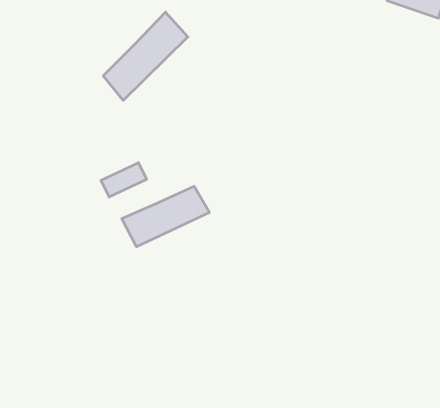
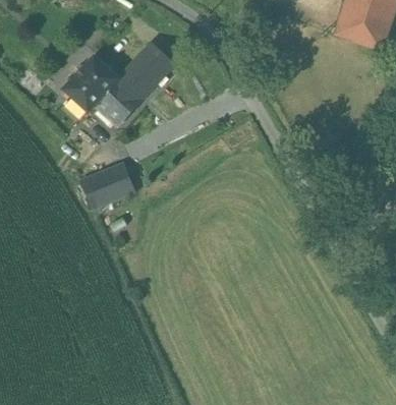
building: none -> [60,46,119,108]
building: [122,186,209,247] -> none

